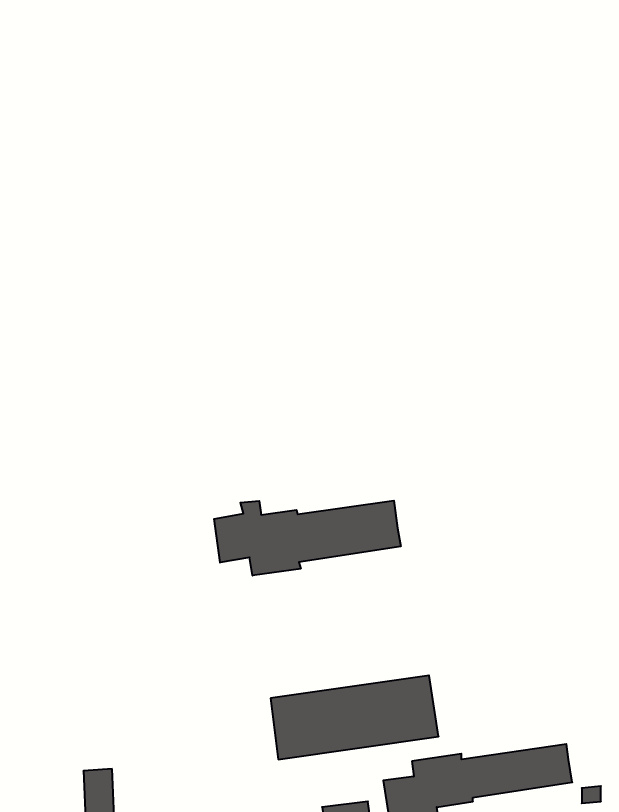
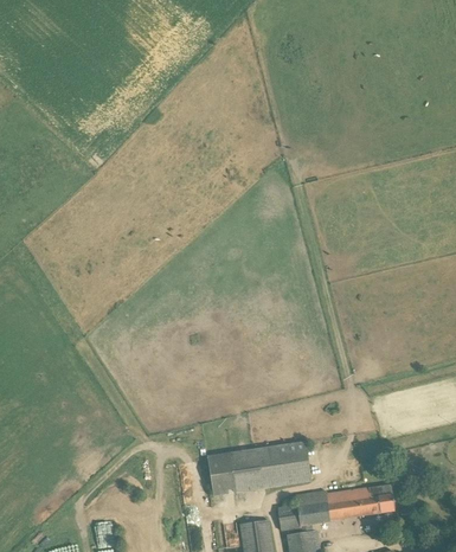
building: [214,501,401,576] -> none

